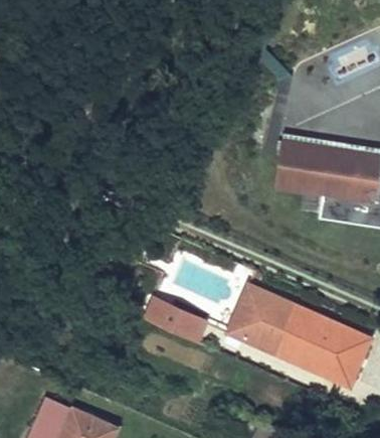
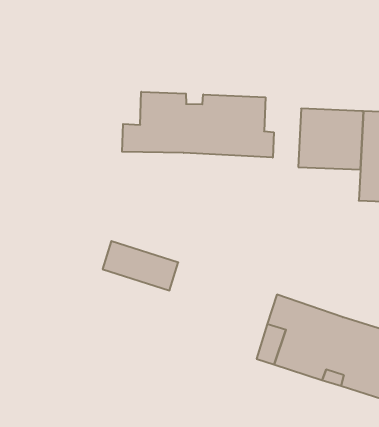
building: none -> [122,92,274,158]
building: [146,299,205,342] -> [103,241,178,290]

